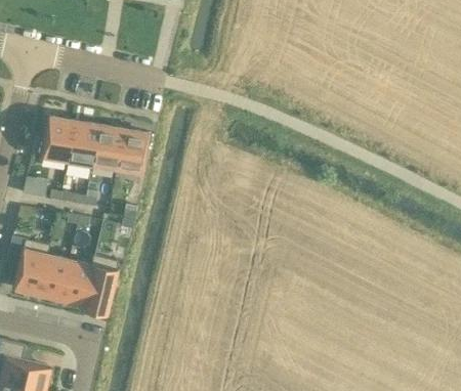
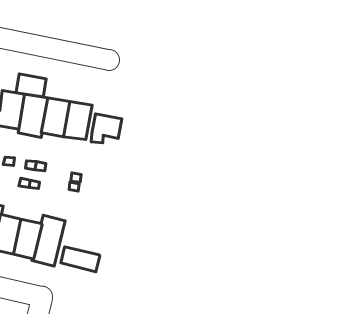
building: none -> [16,74,46,97]
building: none -> [91,114,122,143]
building: none -> [61,247,100,272]

